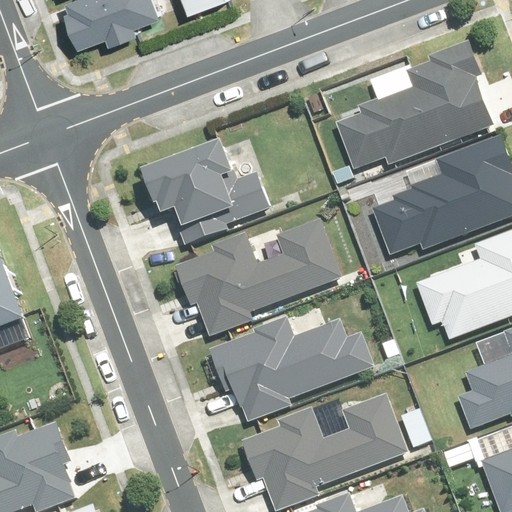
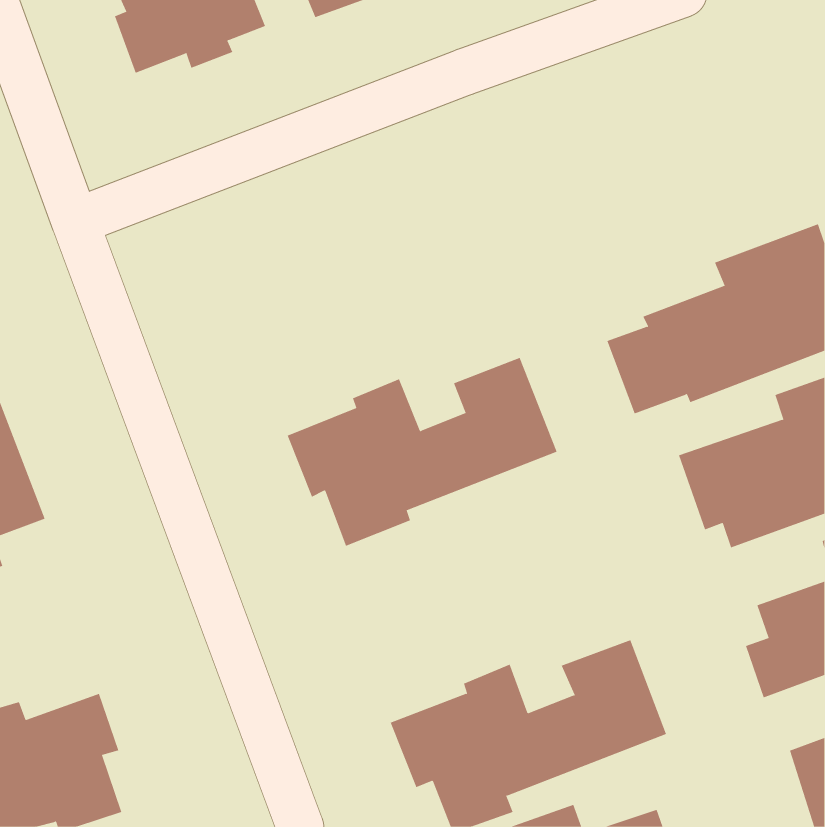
building: [336,44,492,168] -> none
building: [147,137,269,236] -> none
building: [208,315,373,420] -> none

